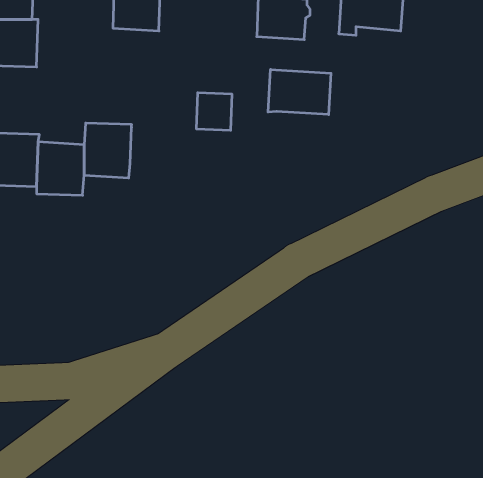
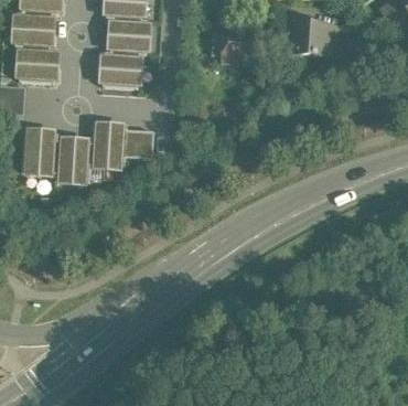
building: none -> [103,53,142,87]
building: [268,69,331,115] -> none
building: [196,93,232,130] -> [126,129,153,158]

